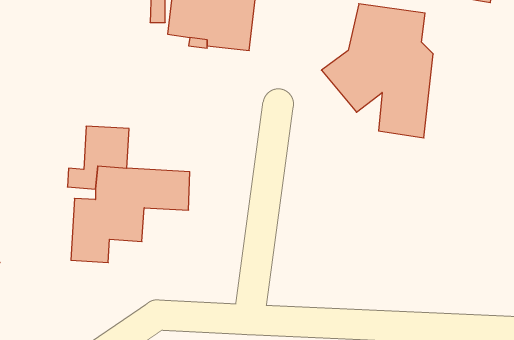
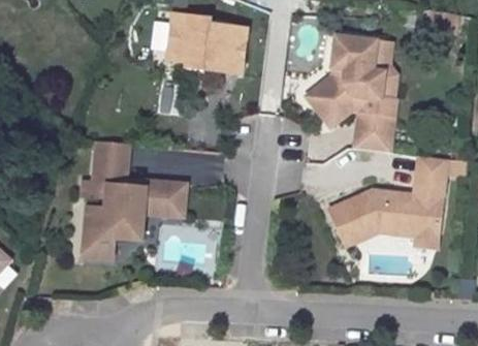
building: none -> [324,154,469,247]

